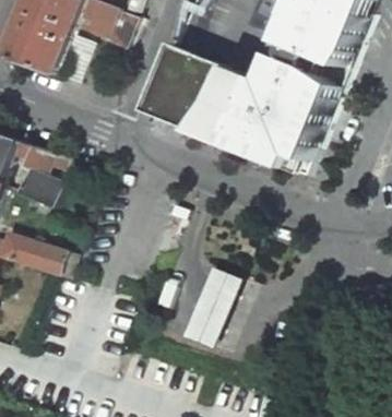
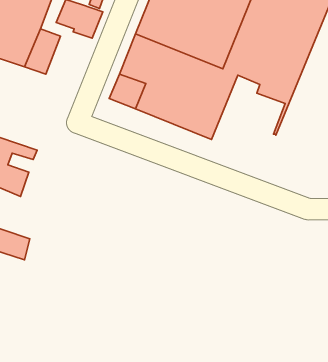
building: [248,82,324,171] -> none
building: [182,267,240,348] -> none

